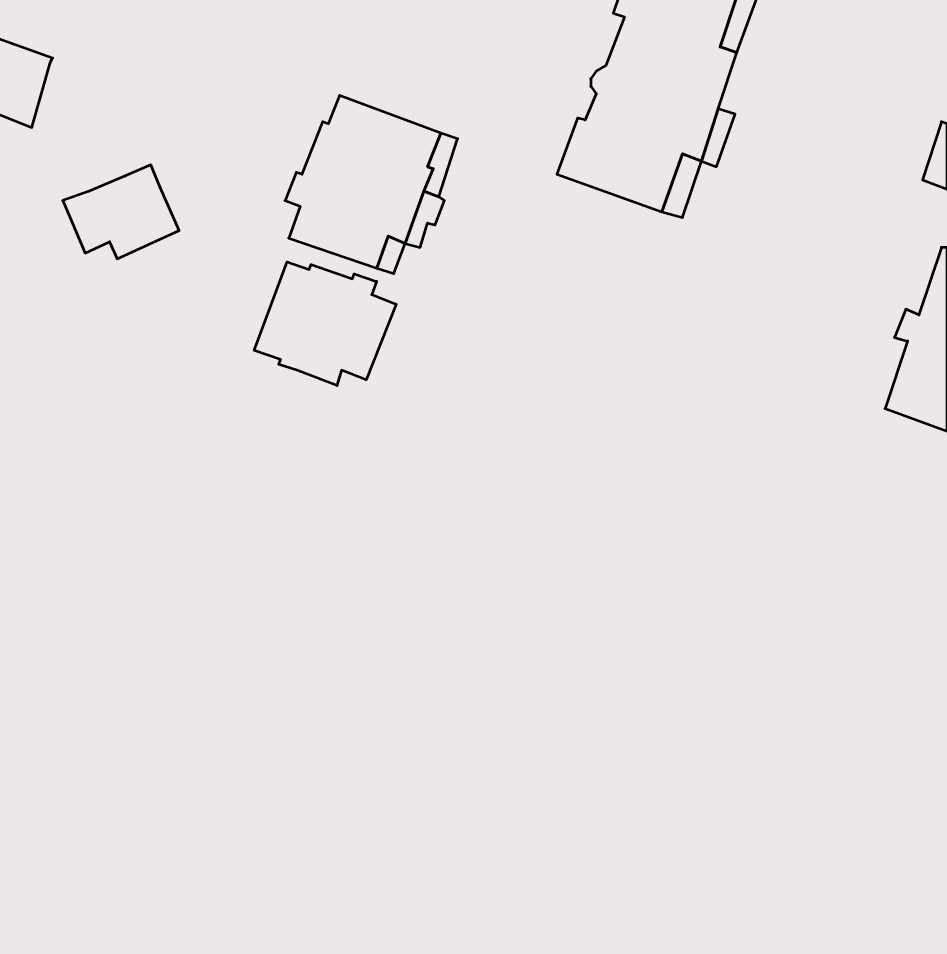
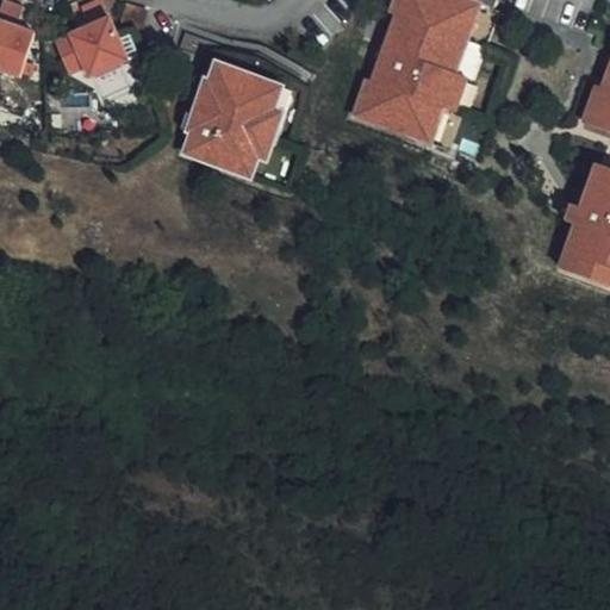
building: [63,165,179,259] -> [51,23,125,82]
building: [254,262,396,386] -> none

